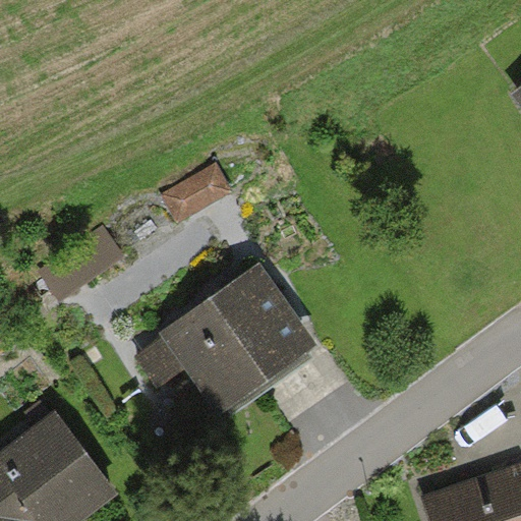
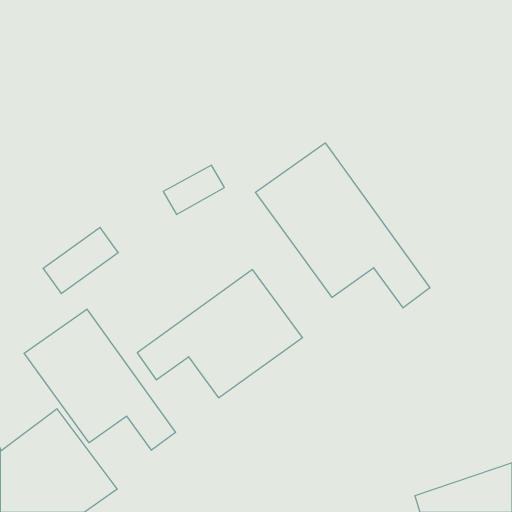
building: none -> [255,143,430,308]
building: none -> [24,309,176,450]

